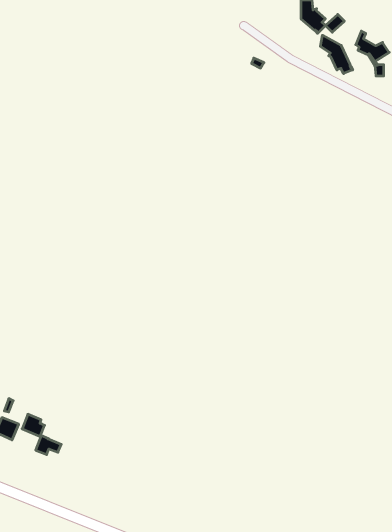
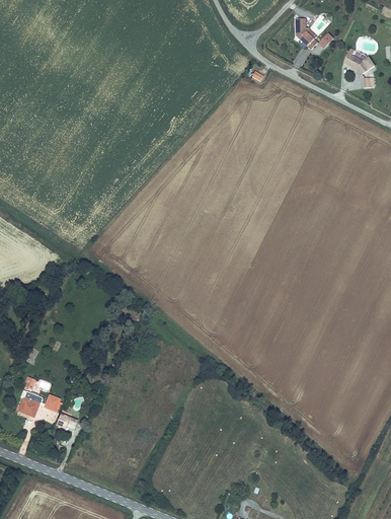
building: [320,35,353,74] -> none

